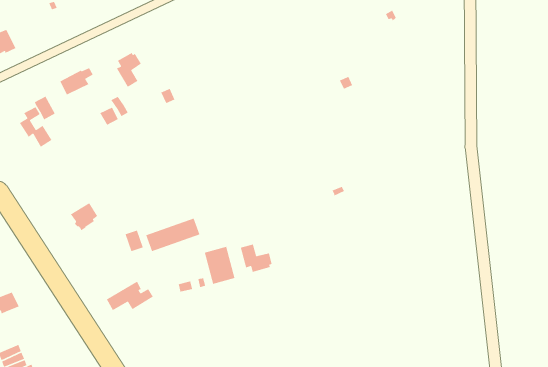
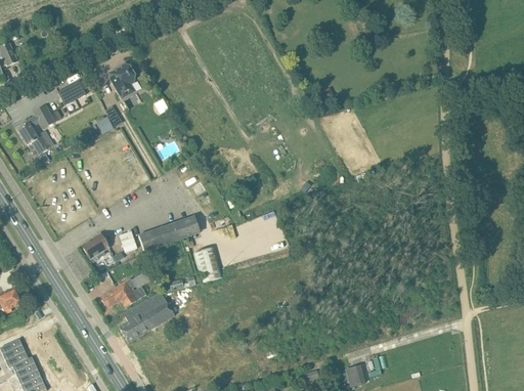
building: [70,202,98,231] -> [82,234,108,262]
building: [240,243,273,273] -> none
building: none -> [119,291,174,342]

